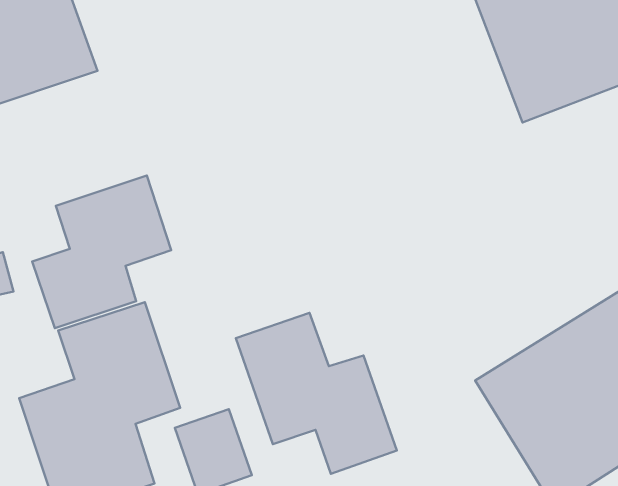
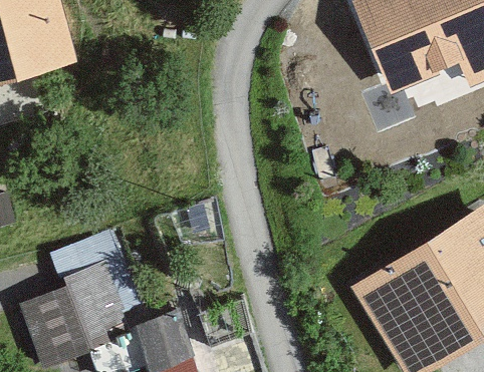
building: [32,176,171,328] -> none
building: [236,313,397,474] -> none

